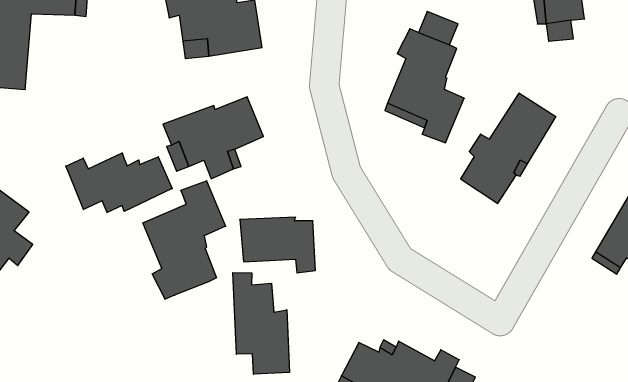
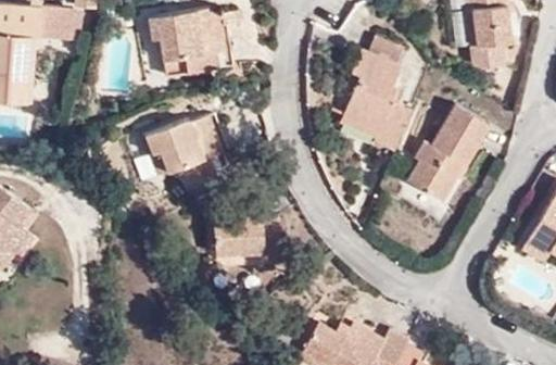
building: [66,153,172,213] -> none
building: [143,181,226,299] -> none
building: [233,273,289,374] -> none

